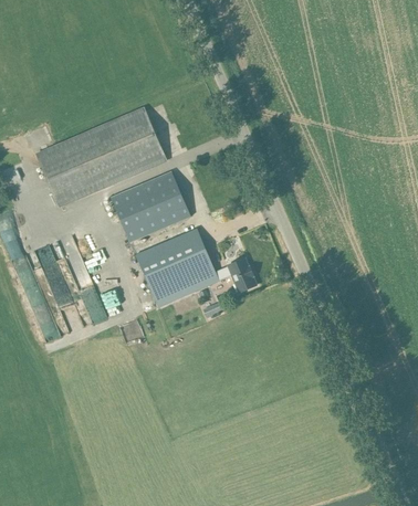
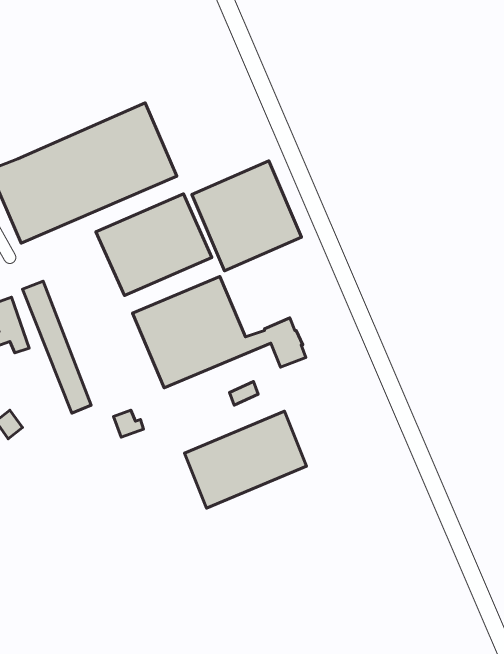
building: none -> [192,161,301,271]
building: none -> [184,411,306,508]

